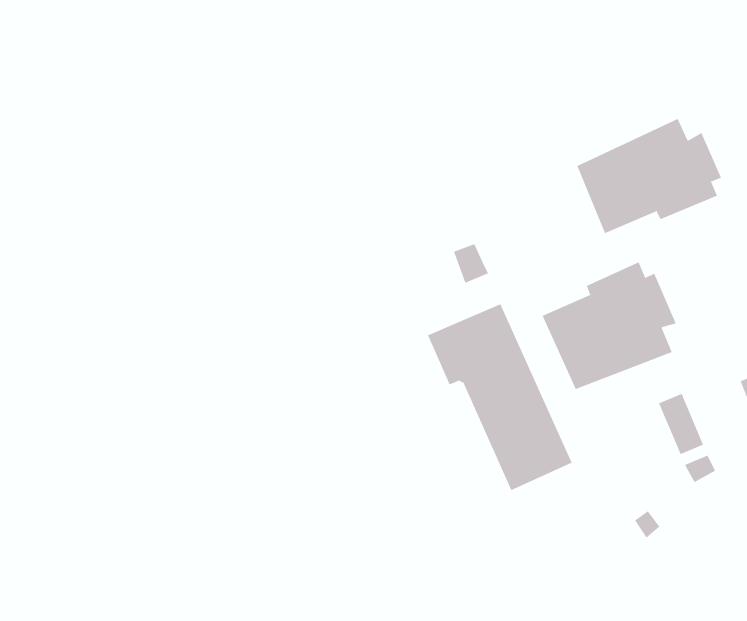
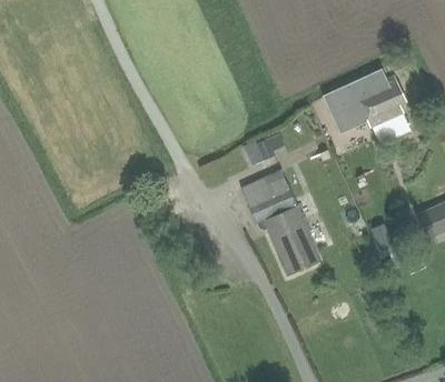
building: [542,262,677,390] -> none

